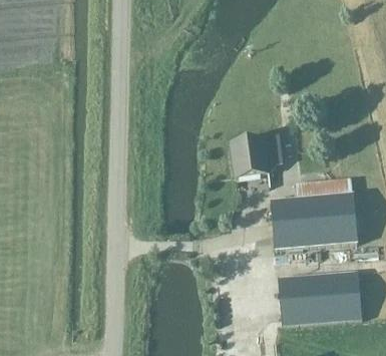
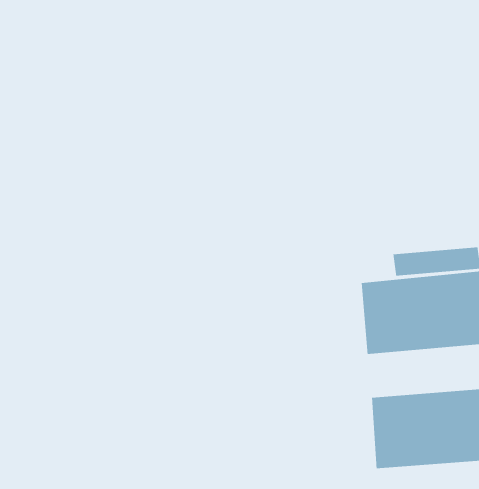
building: [230,135,283,175] -> none

